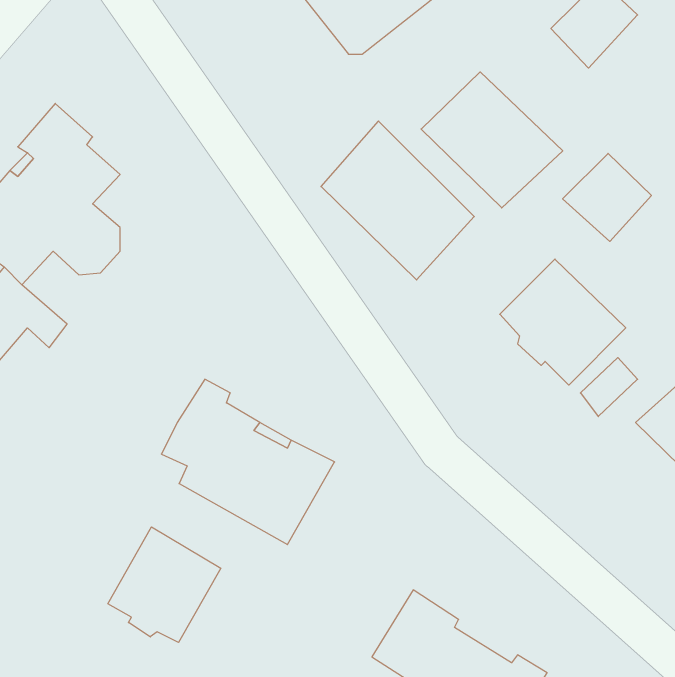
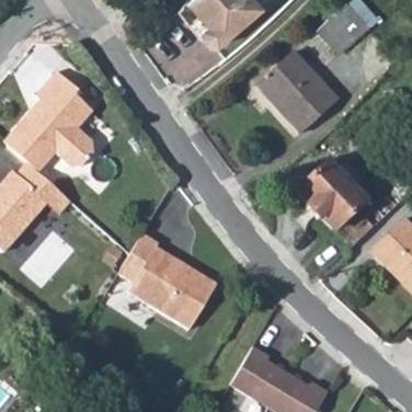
building: [321,121,474,280] -> none
building: [563,153,651,241] -> none
building: [108,527,221,642] -> none

